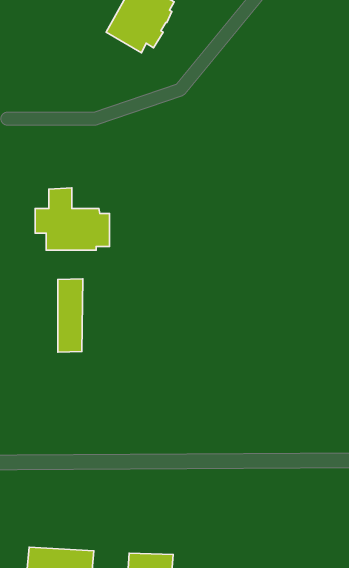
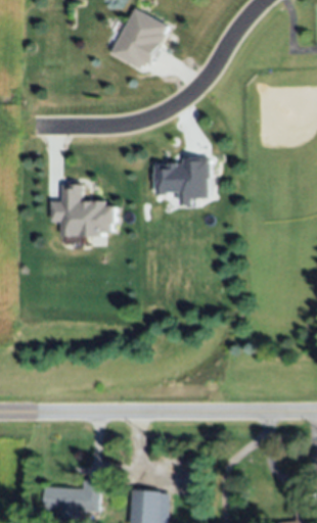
building: none -> [152,158,210,206]
building: [58,279,83,352] -> none

